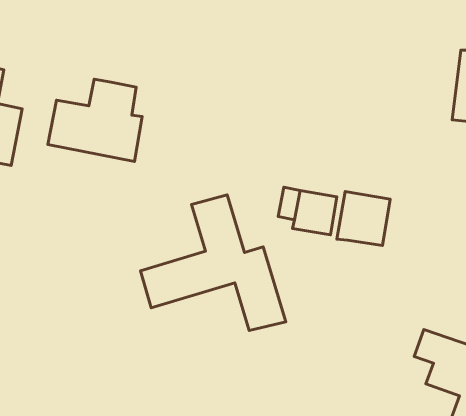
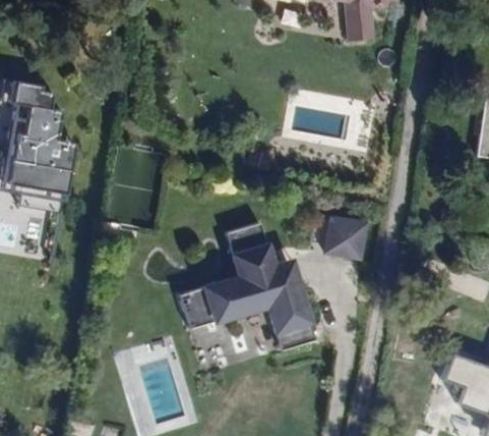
building: [48,79,142,161] -> none
building: [337,192,390,246] -> none

